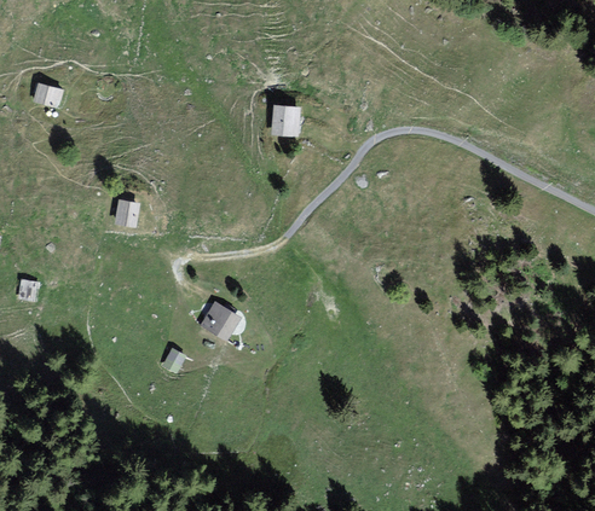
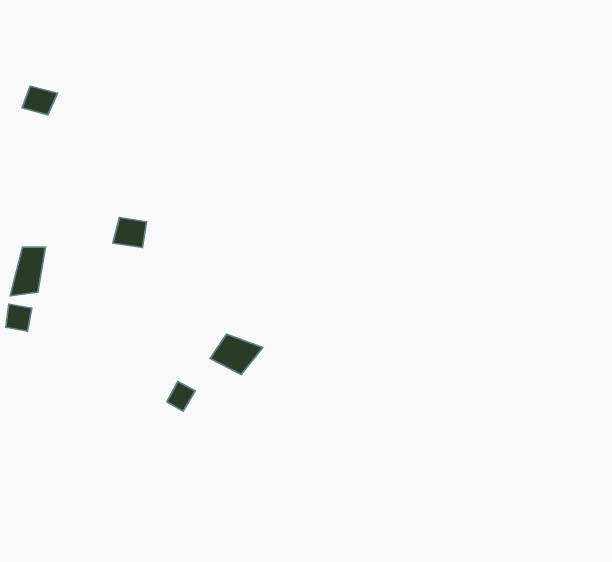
building: [273,105,301,135] -> none
building: none -> [10,247,46,296]

